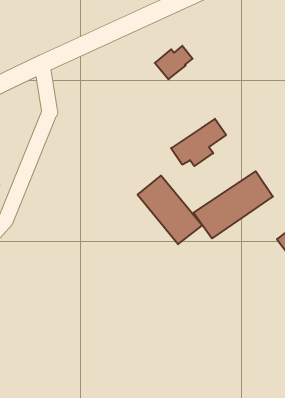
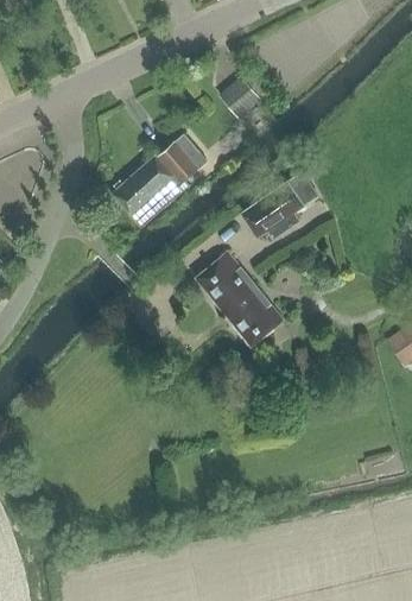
building: none -> [112,134,207,227]
building: [194,171,273,238] -> none

